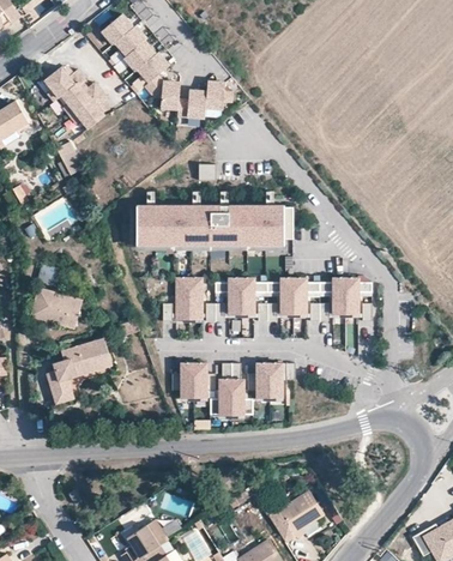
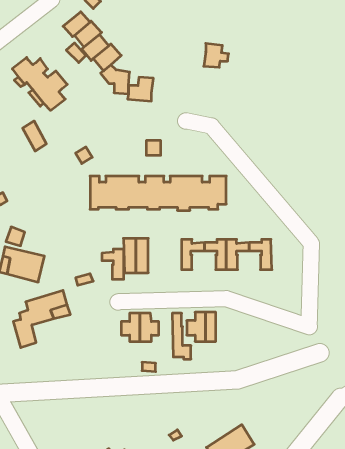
building: [206,83,235,110] -> [204,43,229,67]
building: [216,278,241,313] -> [102,249,124,279]
building: [344,278,370,313] -> none
building: [210,363,231,415] -> none

